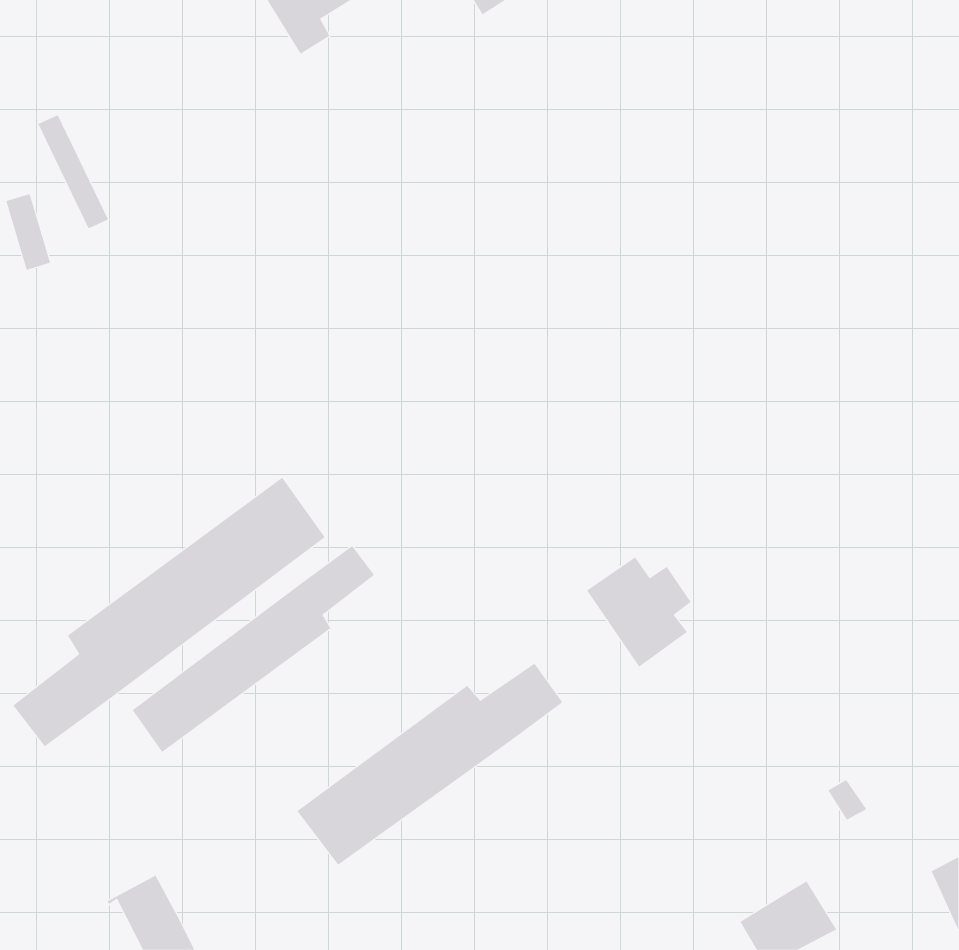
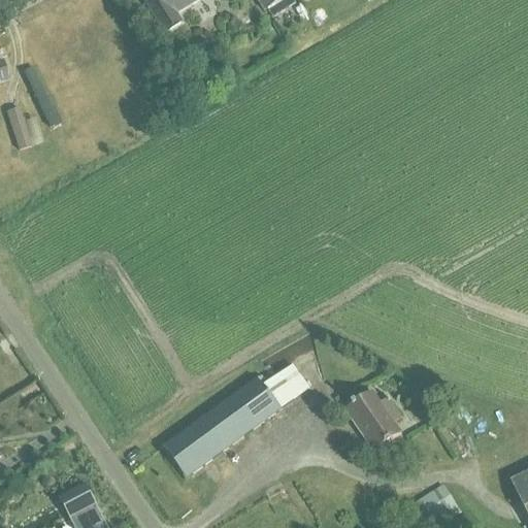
building: [13,477,326,747] -> none
building: [132,545,375,753] -> none
building: [586,557,691,668] -> [345,389,403,450]

